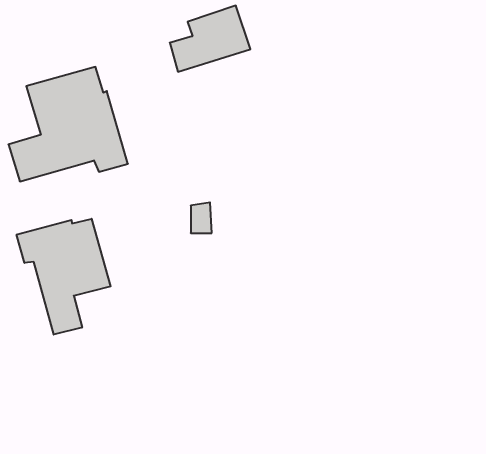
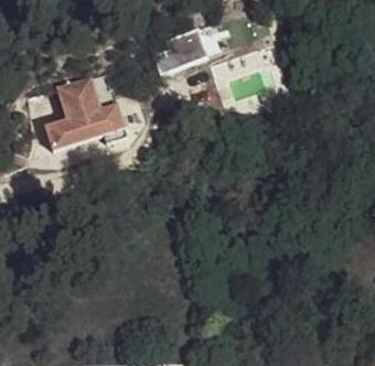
building: [17,219,111,335] -> none

